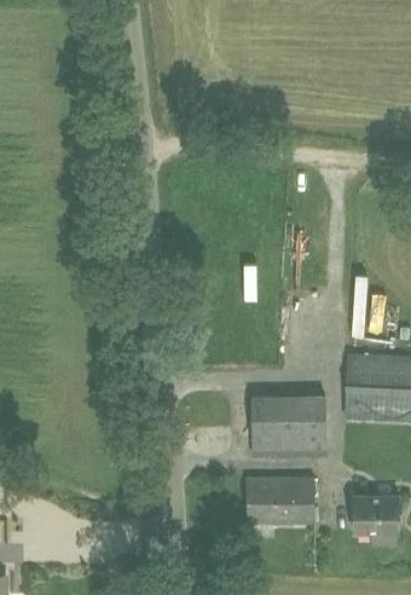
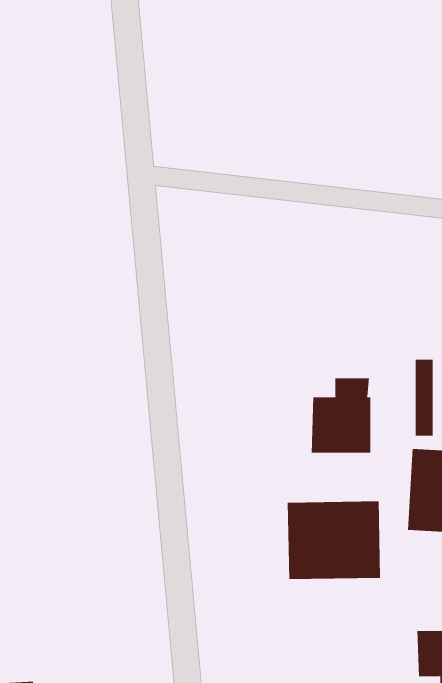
building: none -> [311,377,371,454]
building: [245,476,313,522] -> none

